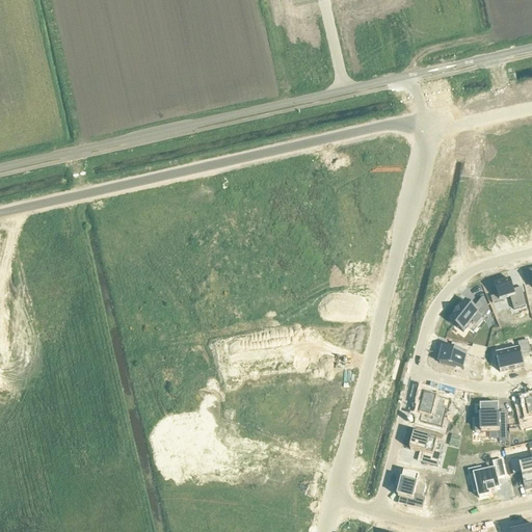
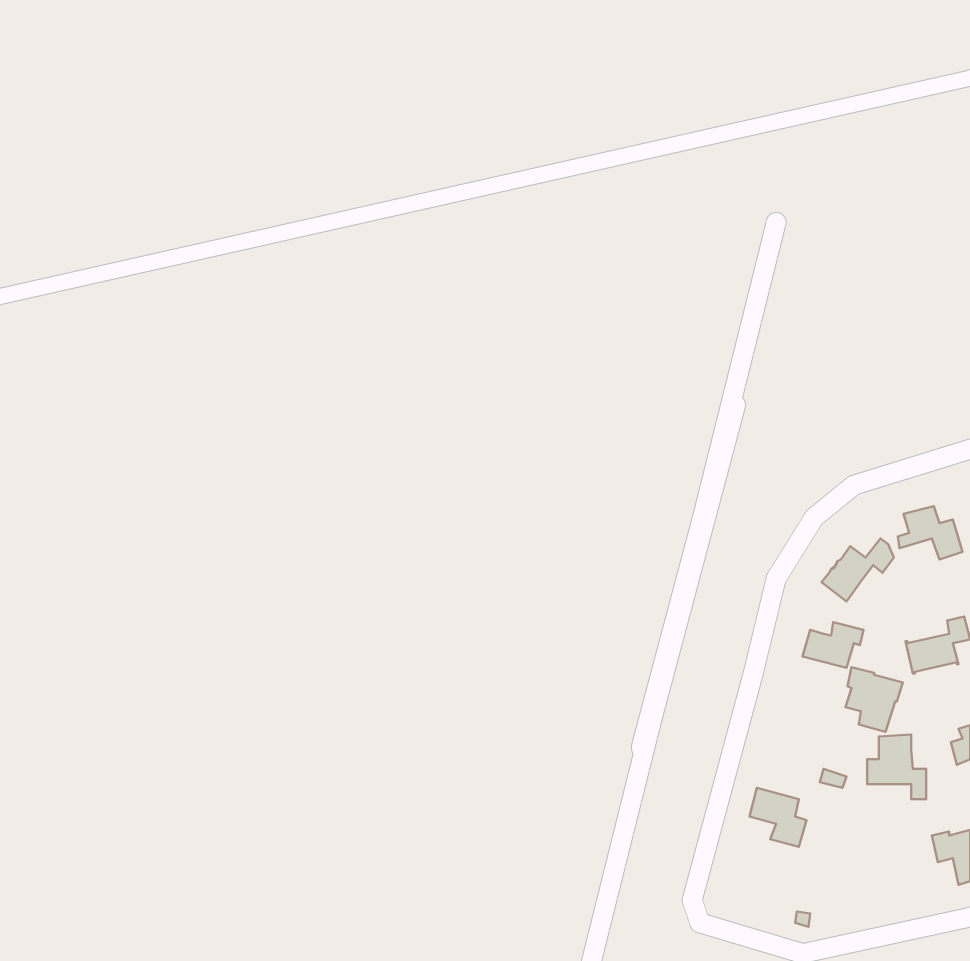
building: [419,389,450,424] -> [846,667,903,732]
building: [470,456,505,495] -> none
building: [397,469,425,506] -> none

